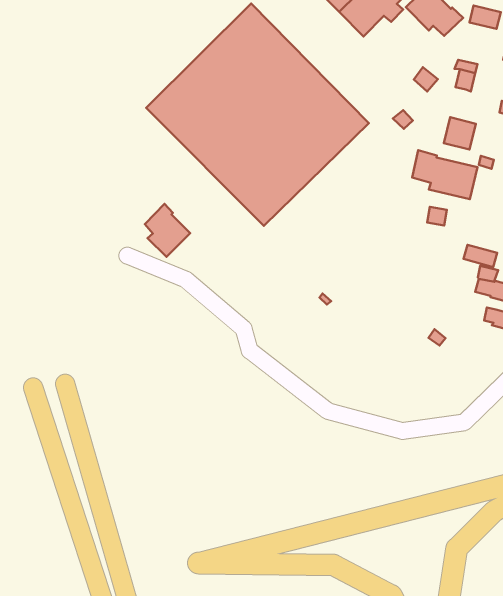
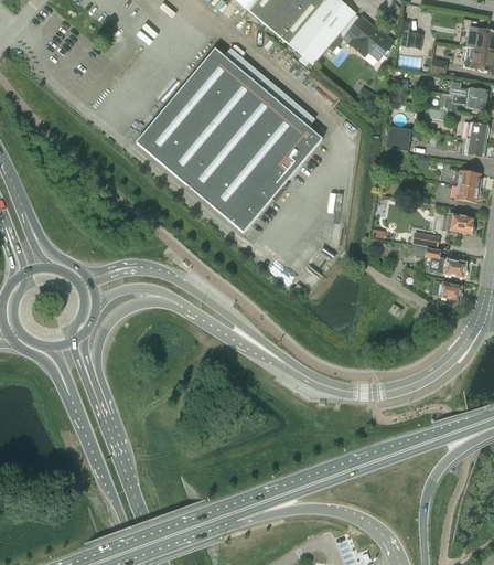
building: [412,150,478,199] -> none
building: [145,204,190,257] -> none

